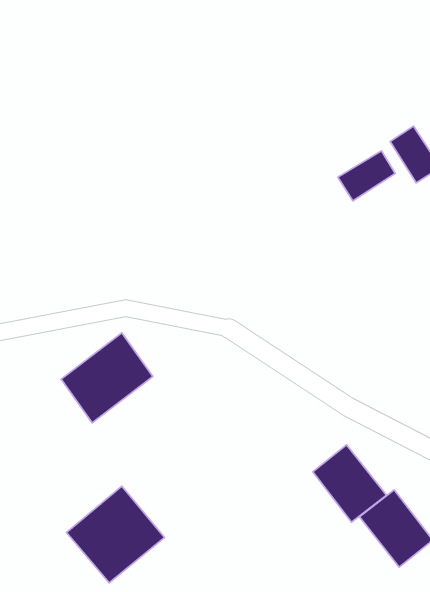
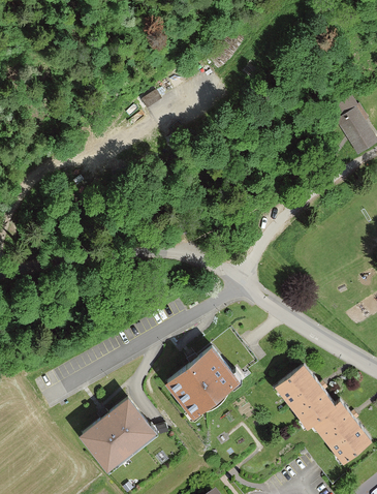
building: [338,151,395,201] -> none
building: [61,333,153,423] -> [164,343,238,415]

